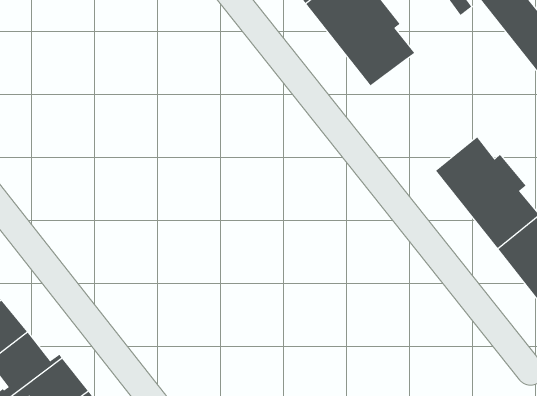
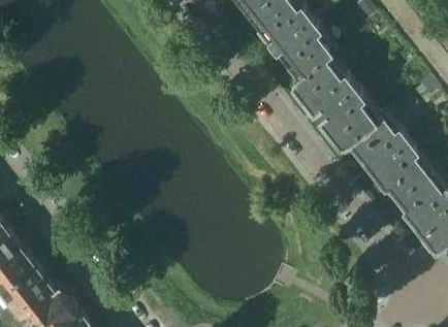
building: none -> [294,57,377,145]

